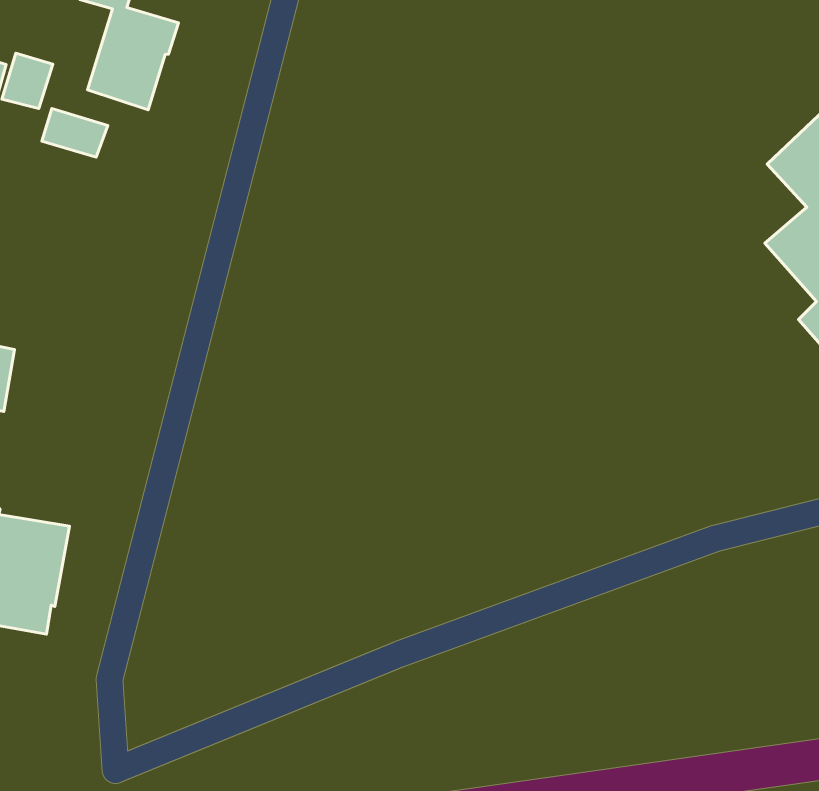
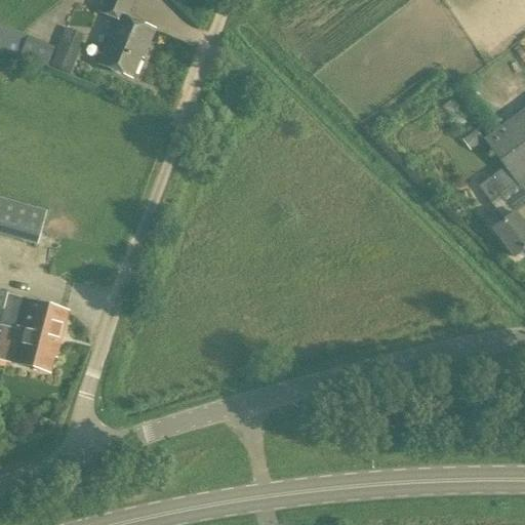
building: [42,109,108,157] -> none

